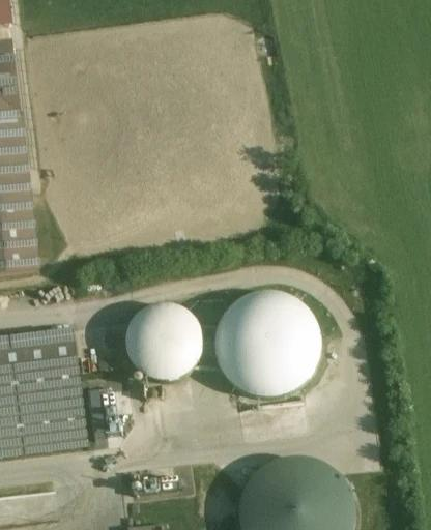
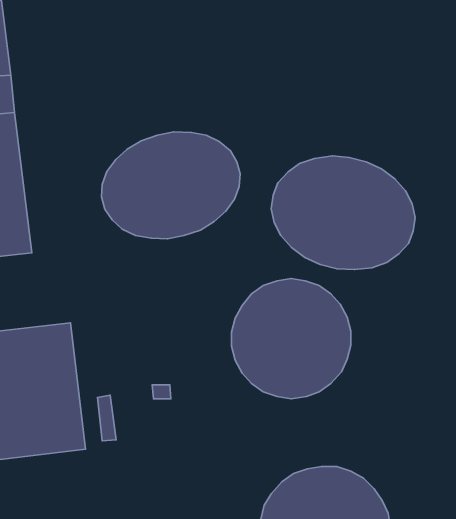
building: none -> [101,132,240,239]
building: none -> [271,156,415,270]
building: [125,302,203,380] -> none

